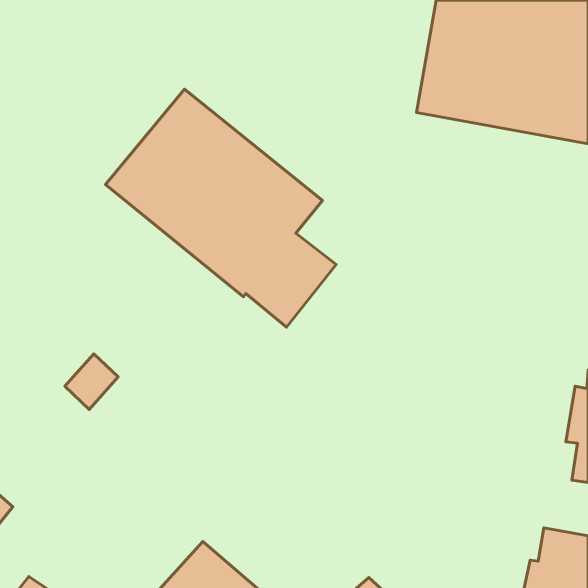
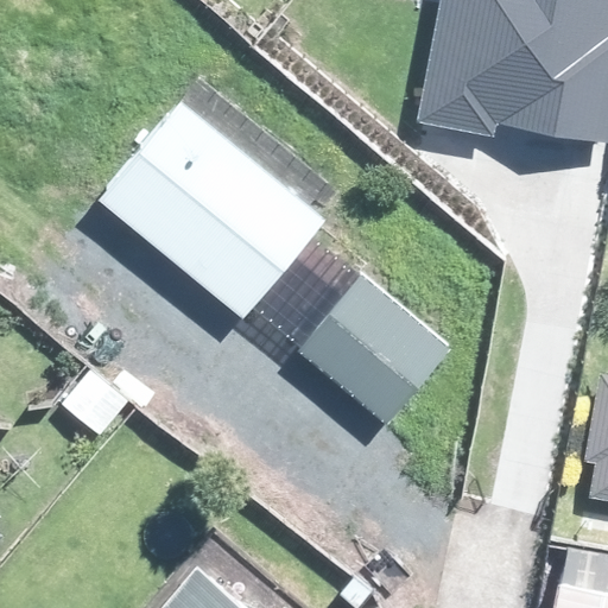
building: none -> [305,272,451,418]

